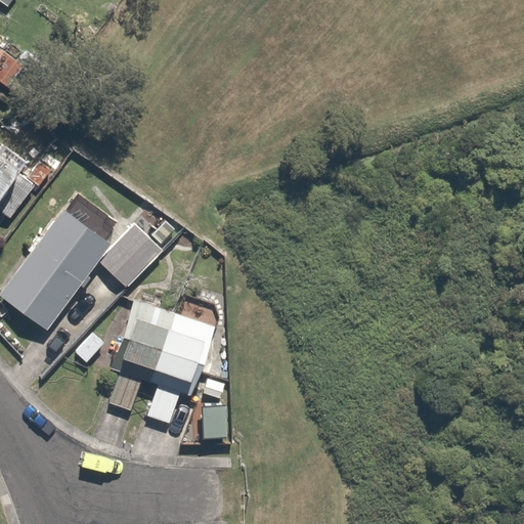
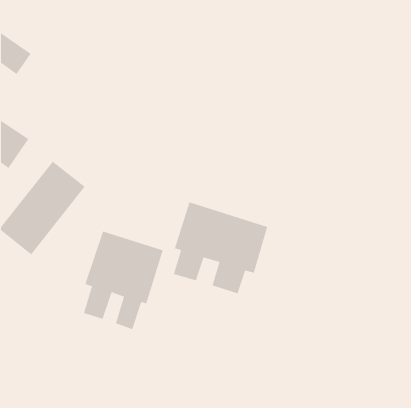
building: [99,222,164,287] -> none
building: none -> [173,202,268,294]

